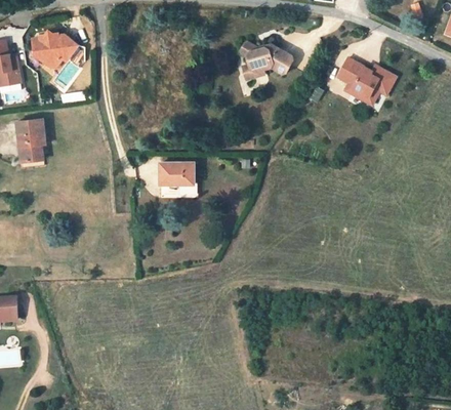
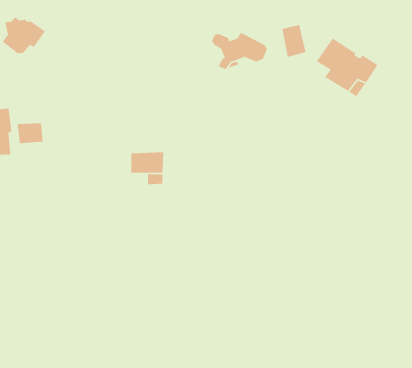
building: none -> [281,24,306,58]
building: none -> [17,123,43,144]

